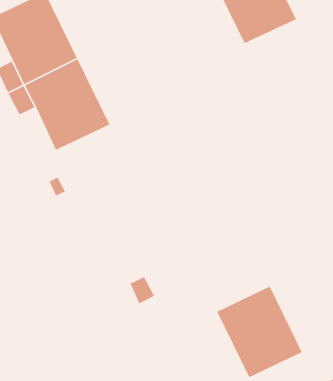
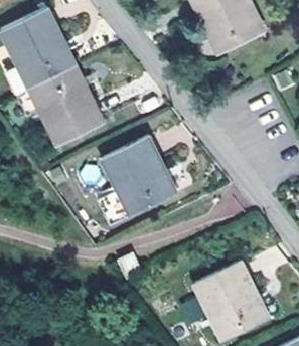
building: none -> [98,136,177,226]

